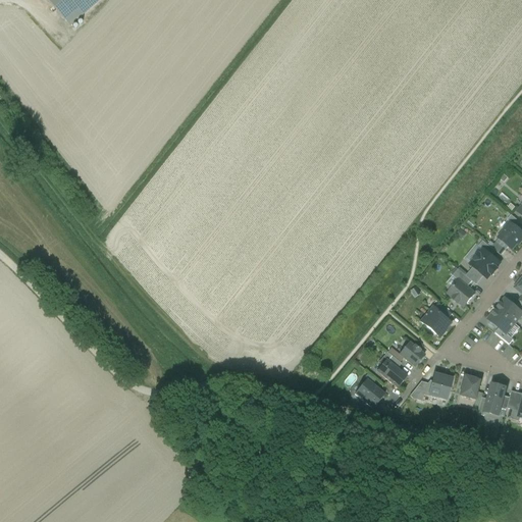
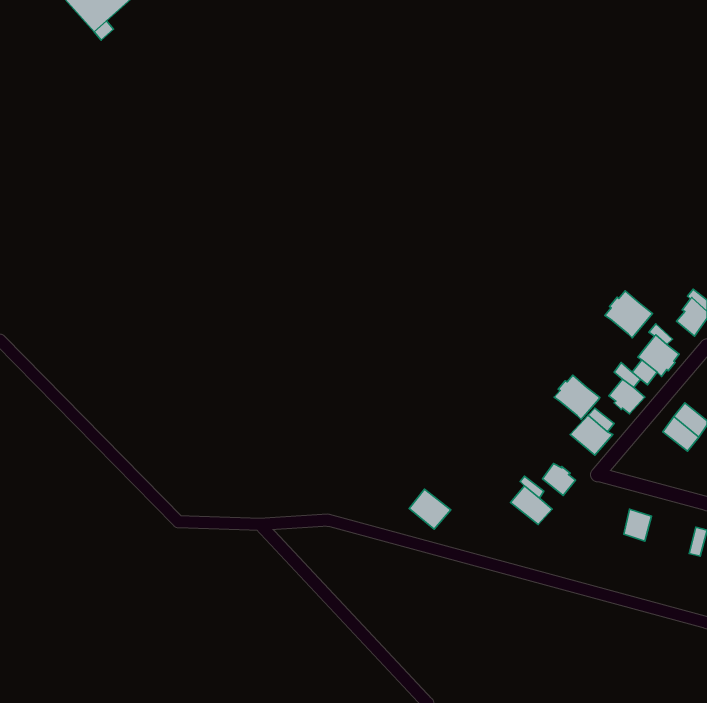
building: none -> [605,291,652,338]
building: none -> [554,375,600,420]
building: [426,375,451,402] -> none
building: [354,378,384,408] -> [409,489,451,529]
building: [479,380,509,420] -> none

